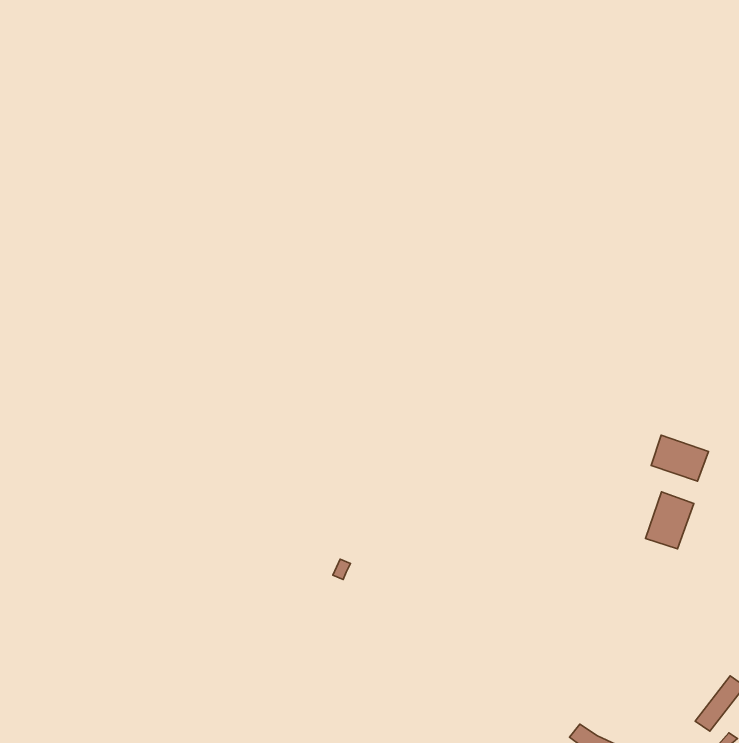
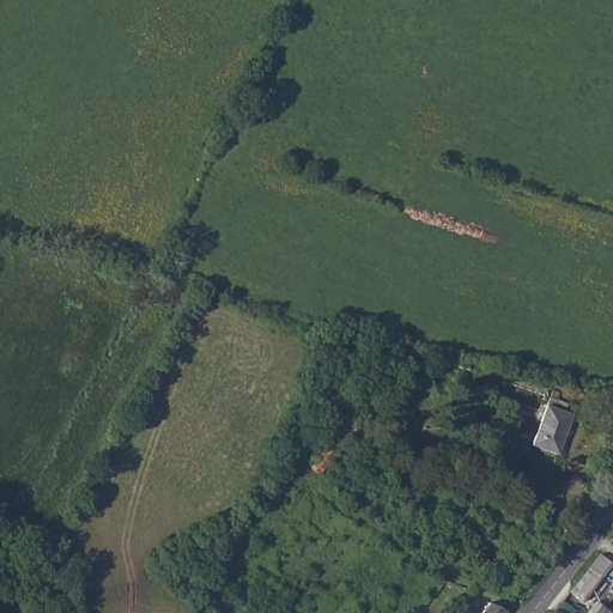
building: [651,435,709,481] -> none

